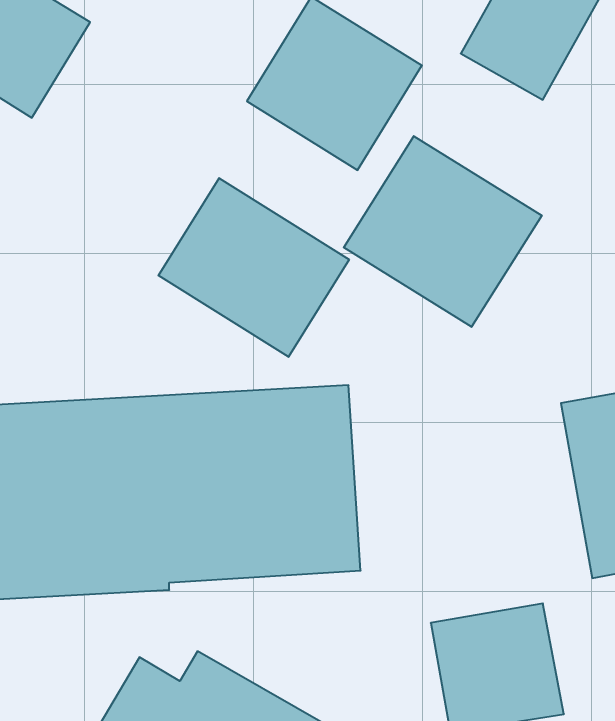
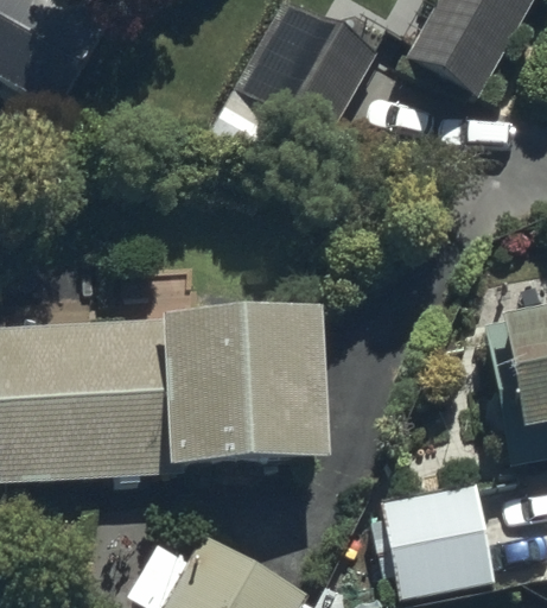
building: [344,136,542,327] -> none
building: [158,178,349,357] -> none

